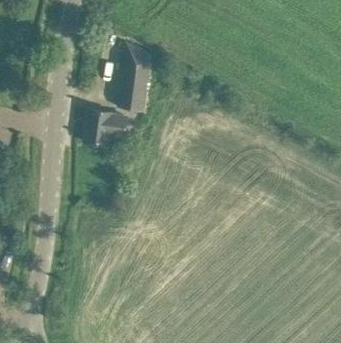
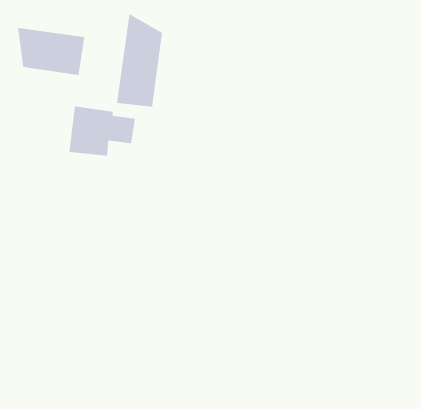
building: none -> [17,27,85,76]

